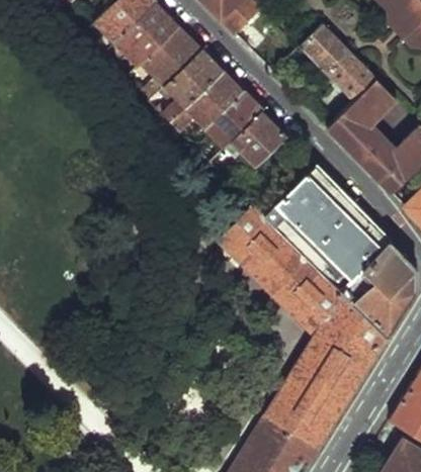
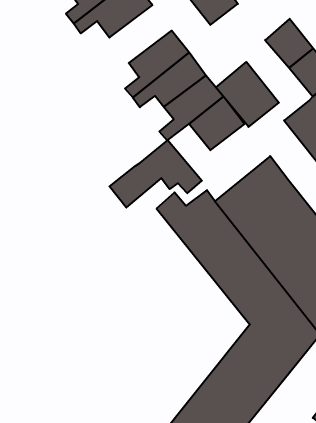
building: [141,26,202,87] -> none
building: none -> [216,62,279,127]
building: none -> [109,140,202,208]

